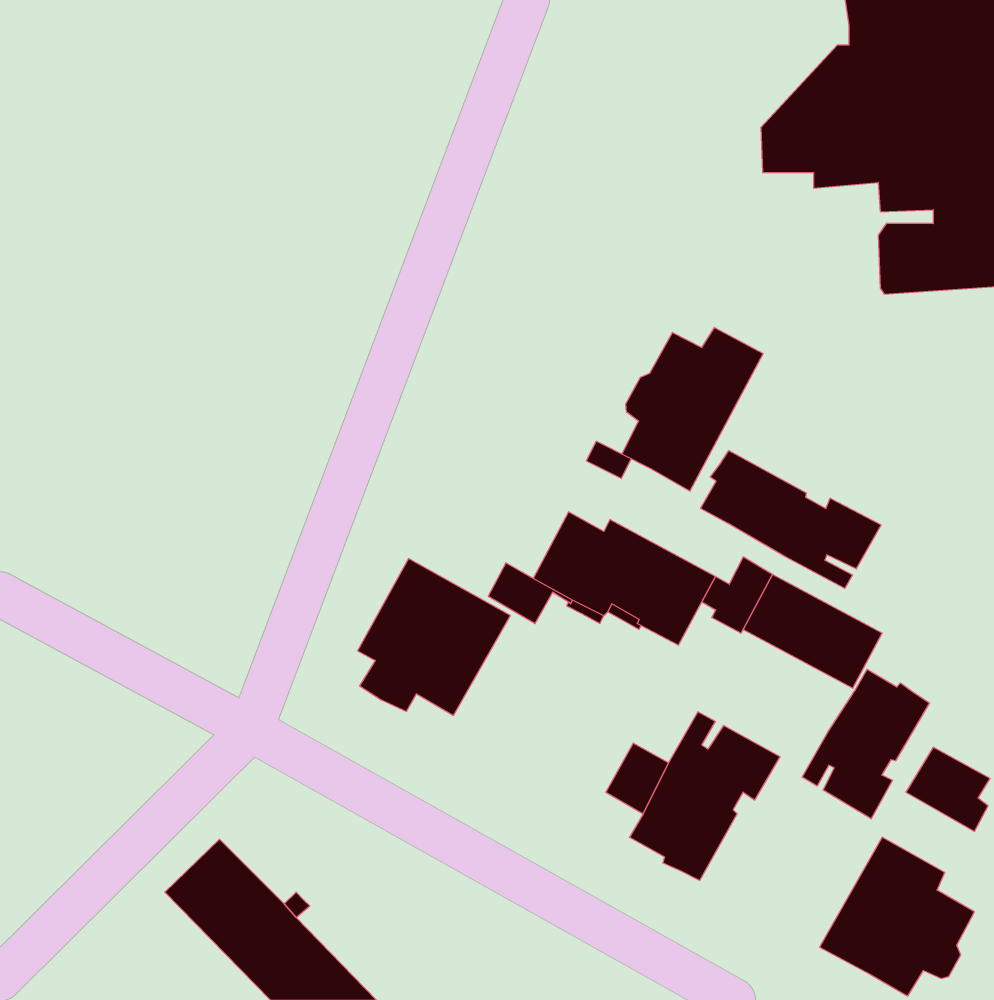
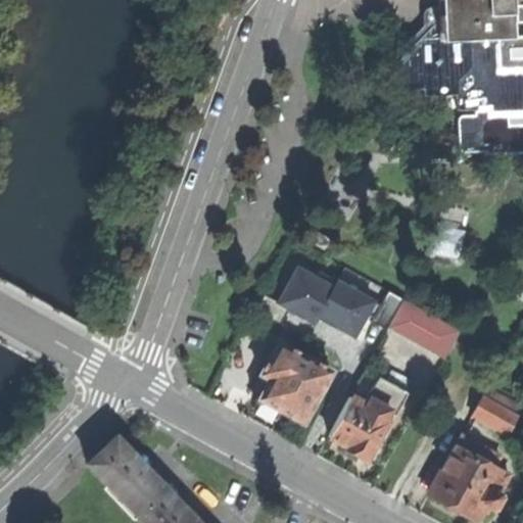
building: [622,327,763,491] -> none
building: [701,451,881,588] -> none
building: [358,559,510,715] -> [255,342,335,424]
building: [802,669,930,819] -> none

